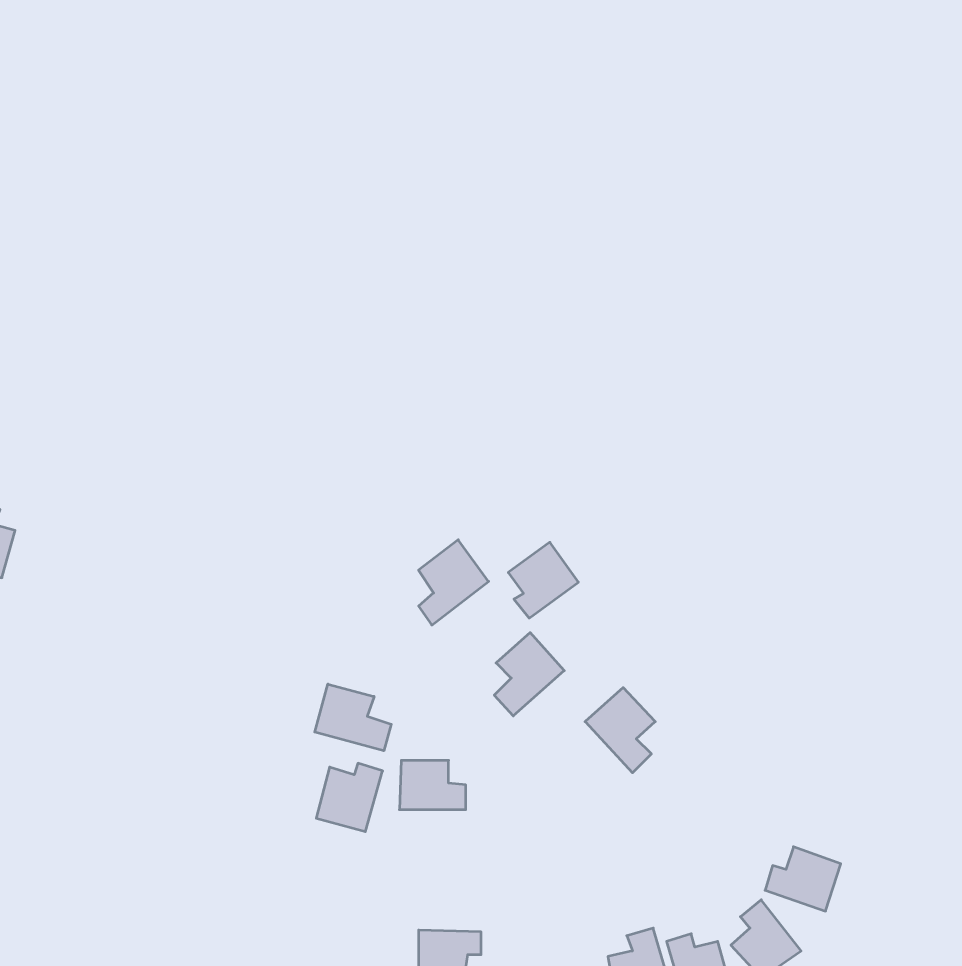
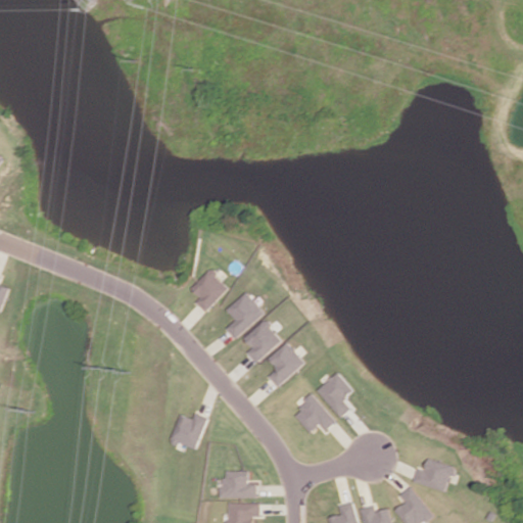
building: none -> [191,269,229,313]
building: [508,542,578,618] -> [243,321,281,362]
building: [315,684,391,751] -> none
building: none -> [292,395,335,433]
building: [399,760,466,810] -> [221,471,256,497]

